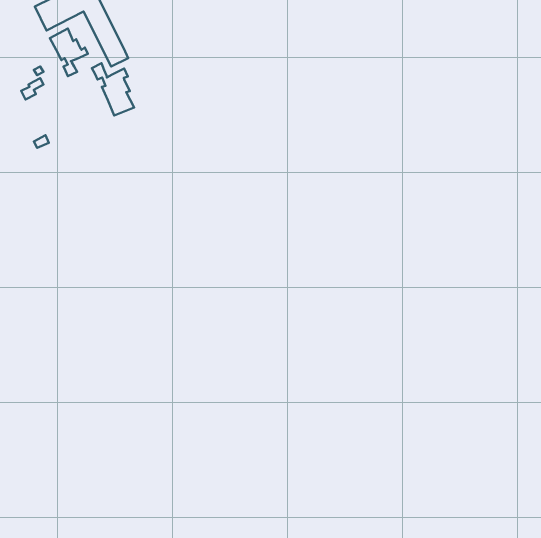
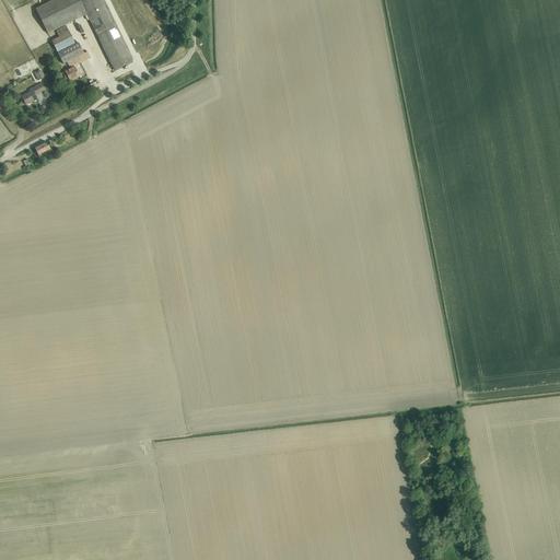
building: [92,63,134,115] -> none

